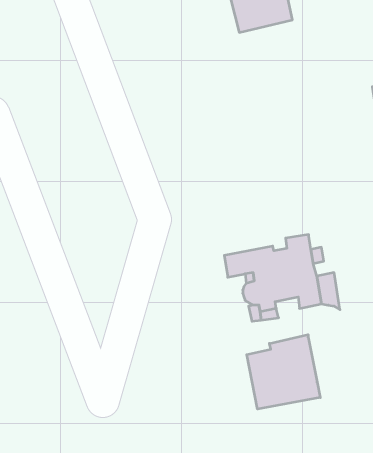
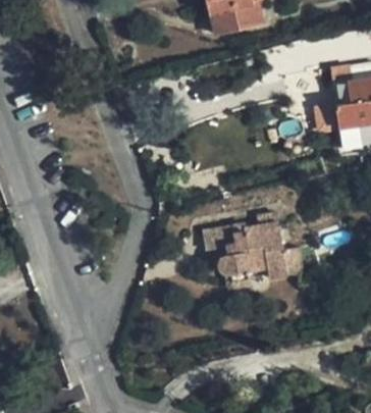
building: [247,335,320,409] -> none

